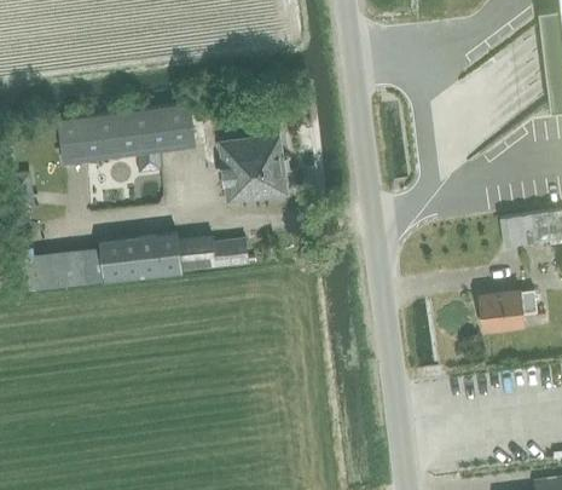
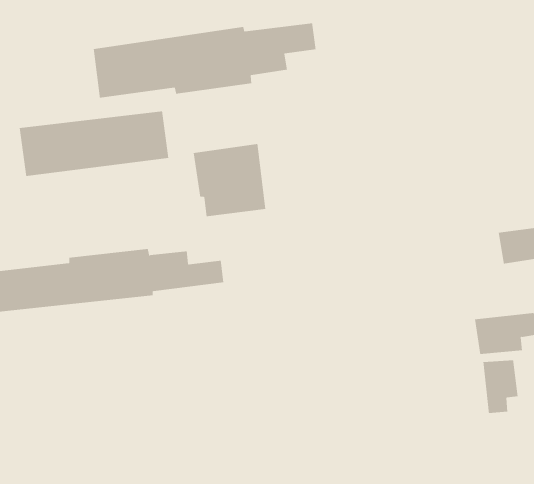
building: none -> [93,23,316,99]
building: none -> [483,359,518,414]

